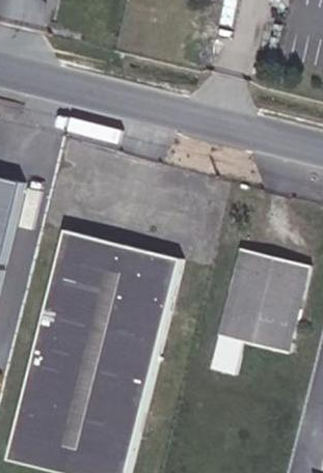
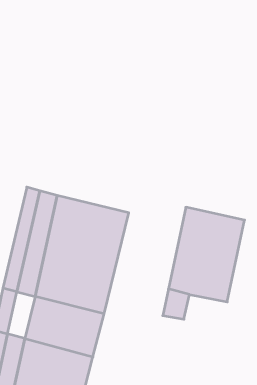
building: [39,344,71,397] -> none

